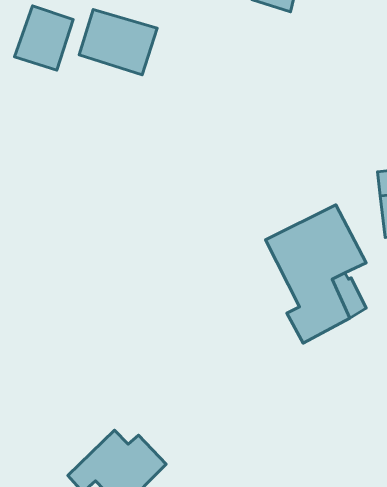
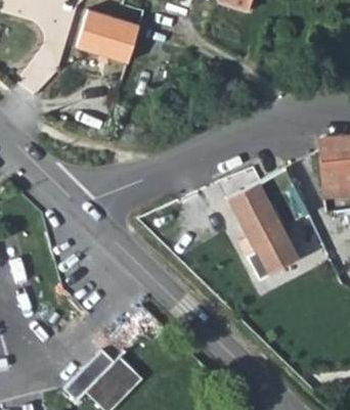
building: [15,6,73,70] -> none

